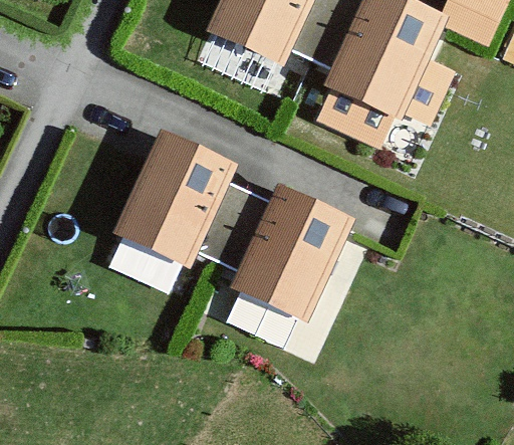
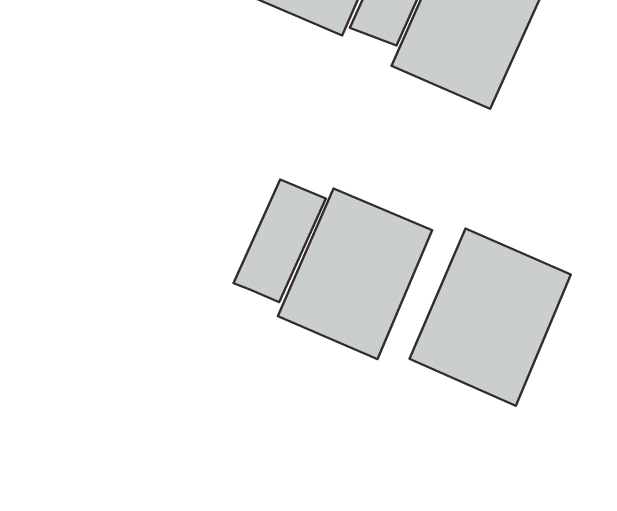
building: [113,129,236,264] -> none
building: none -> [410,229,571,406]

